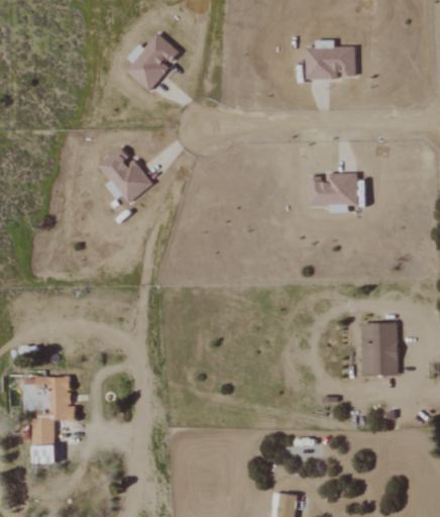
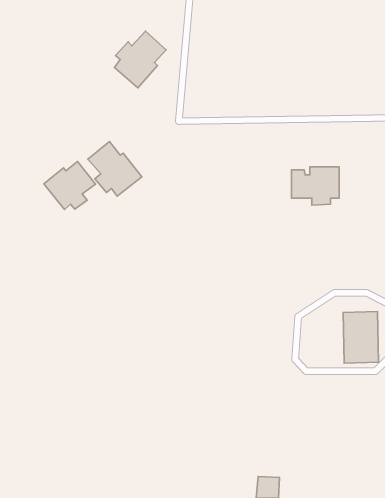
building: [307,39,356,79] -> none
building: none -> [44,161,95,210]
building: [23,376,76,463] -> none

